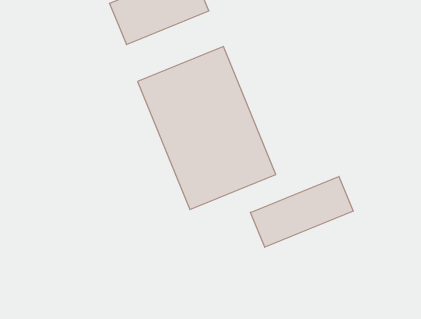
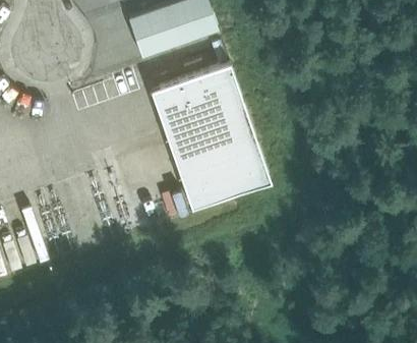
building: [250,176,353,247] -> none

